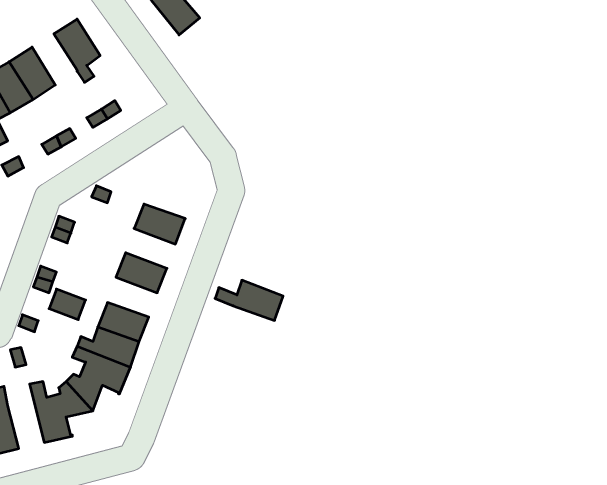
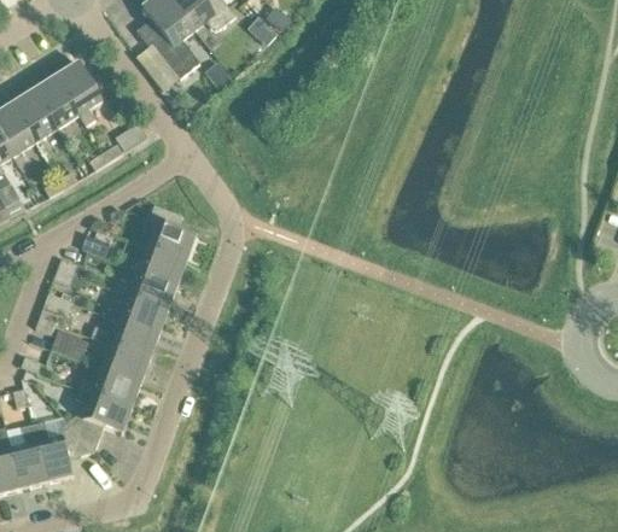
building: none -> [33,76,77,127]
building: none -> [144,203,194,259]
building: none -> [126,269,175,309]
building: [215,280,283,320] -> [89,317,157,357]
building: none -> [8,423,45,487]

